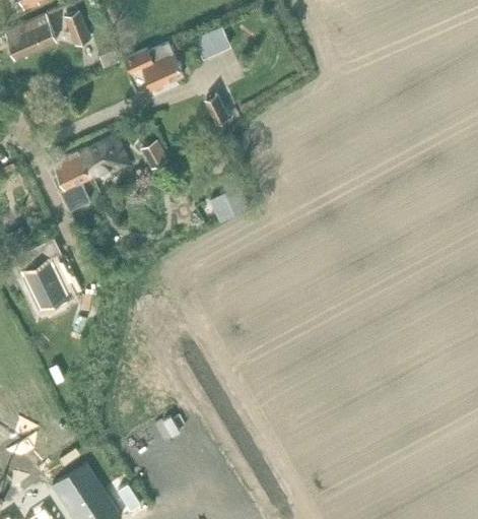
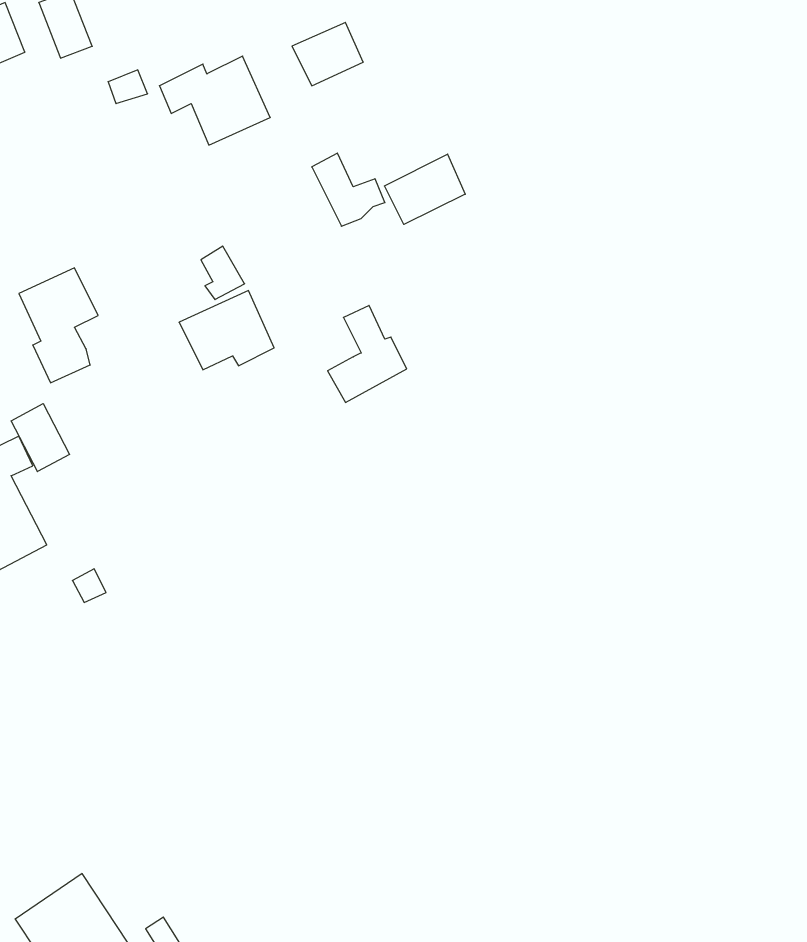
building: none -> [384,154,465,224]
building: [81,137,130,178] -> [179,291,274,370]
building: none -> [11,404,70,472]

